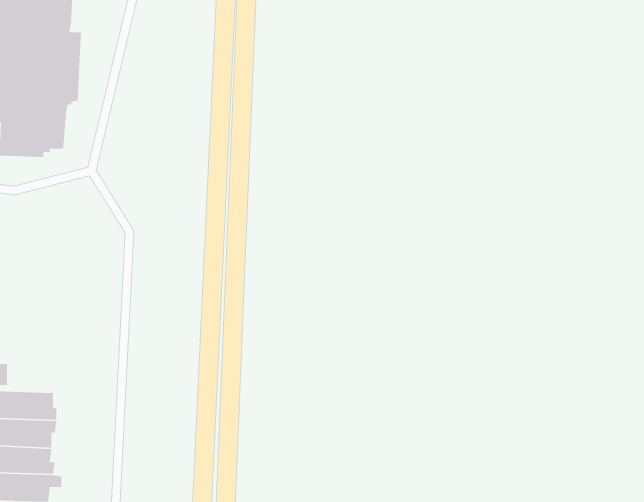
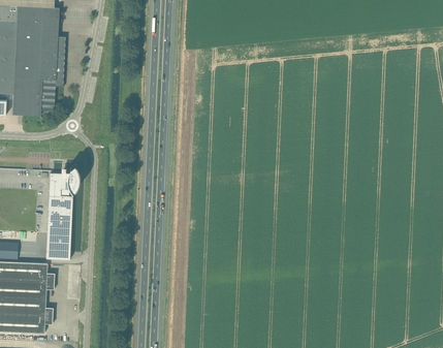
building: none -> [46,165,77,252]

